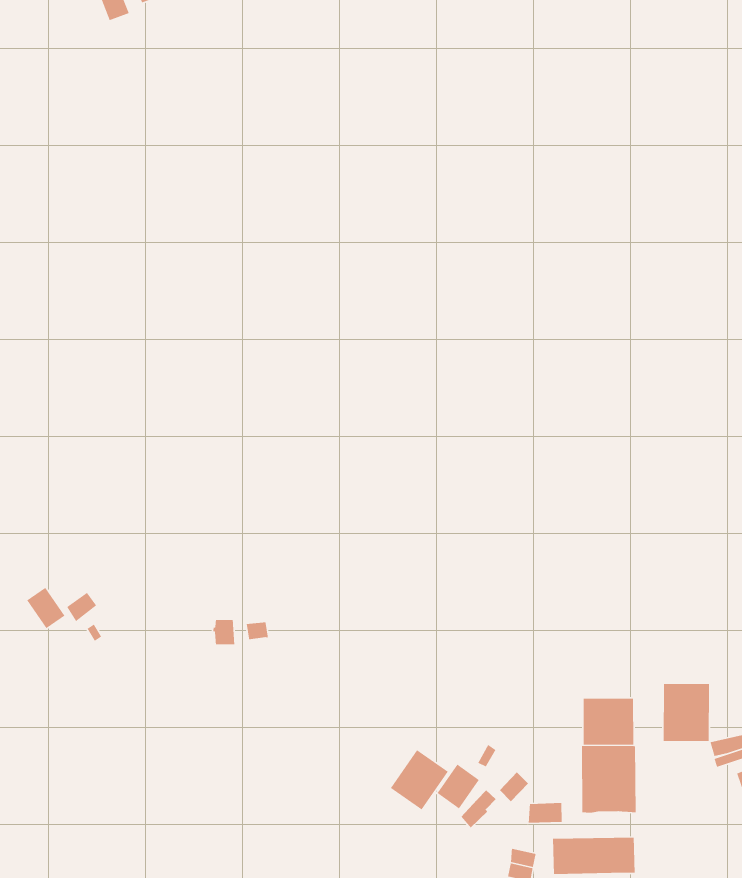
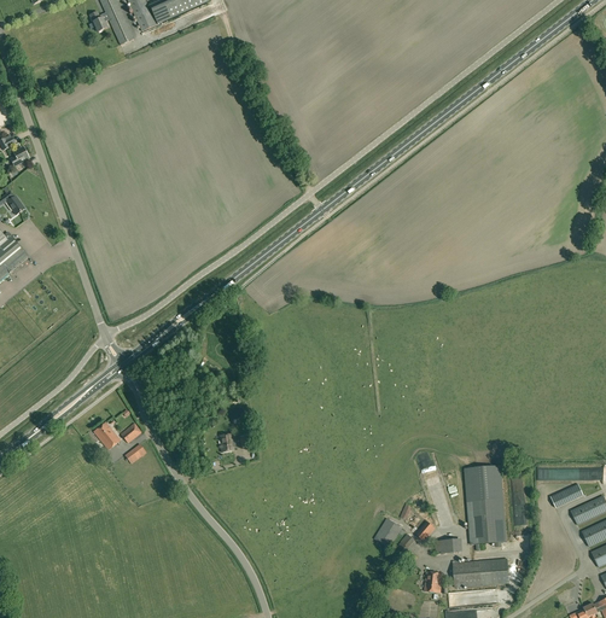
building: [663,683,710,742] -> none
building: [390,749,449,811] -> none

